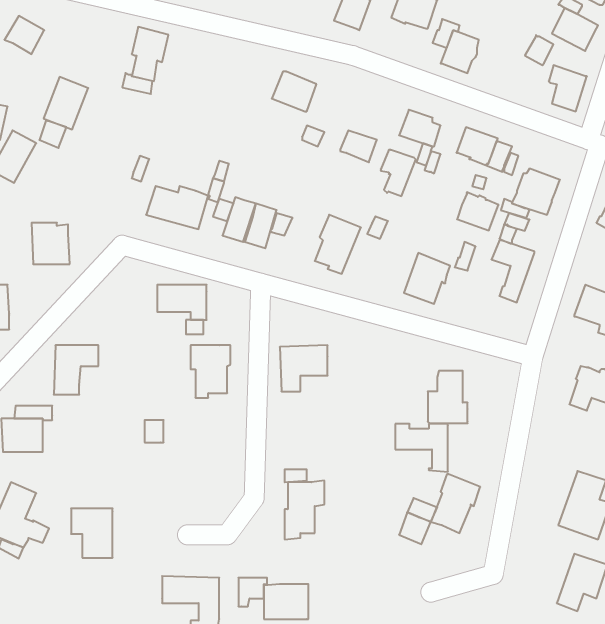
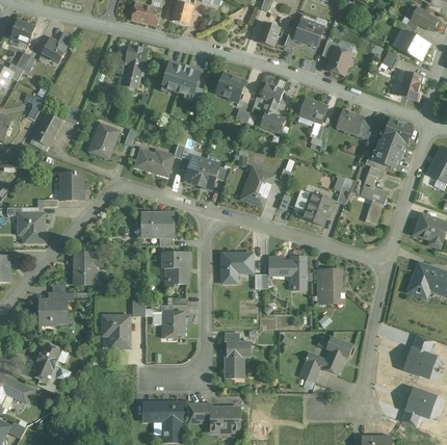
building: none -> [162,62,200,95]
building: [44,77,88,129] -> [88,123,117,157]
building: [381,150,416,196] -> [260,83,283,113]
building: [457,192,499,230] -> [384,119,411,143]
building: [395,424,448,472] -> [269,257,304,288]
building: none -> [162,311,184,337]
building: [71,508,113,558] -> [102,315,129,347]

